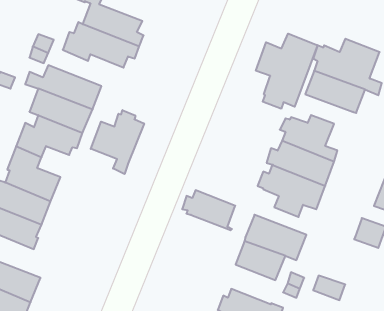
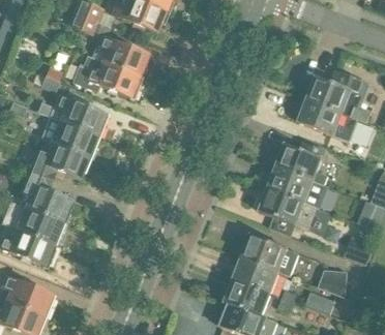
building: [256,34,318,109] -> none
building: [91,110,144,174] -> none
building: [182,190,235,230] -> [221,280,271,317]
building: none -> [319,269,349,297]

